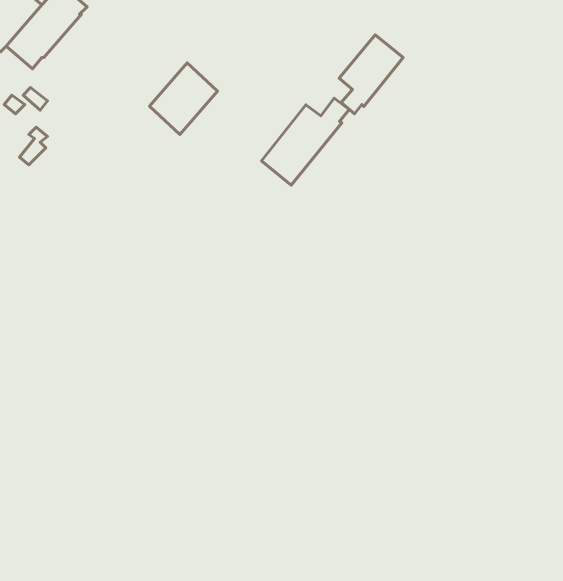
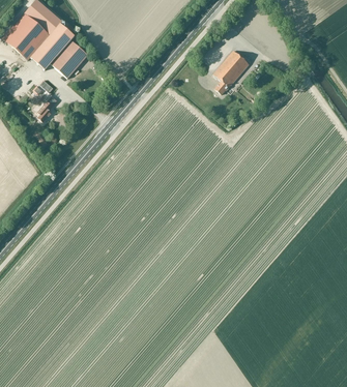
building: [150,63,217,134] -> [51,39,88,79]
building: [261,98,349,185] -> none

